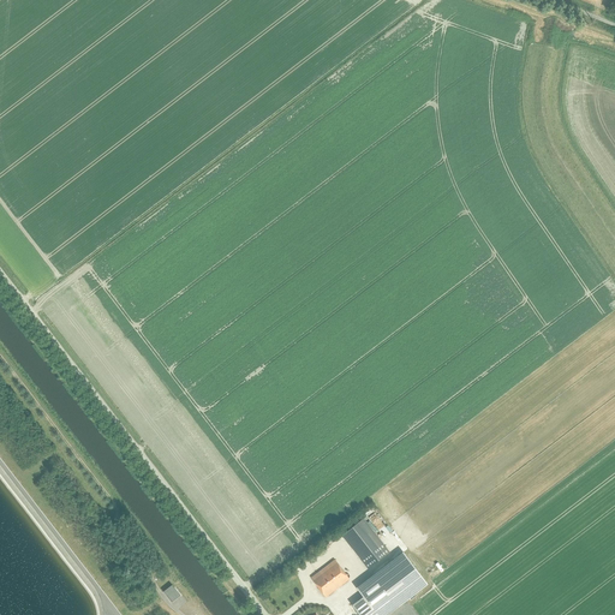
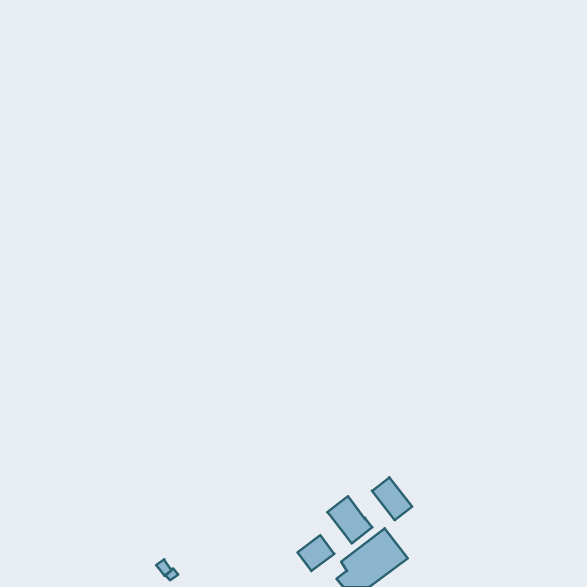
building: none -> [372,477,412,520]

